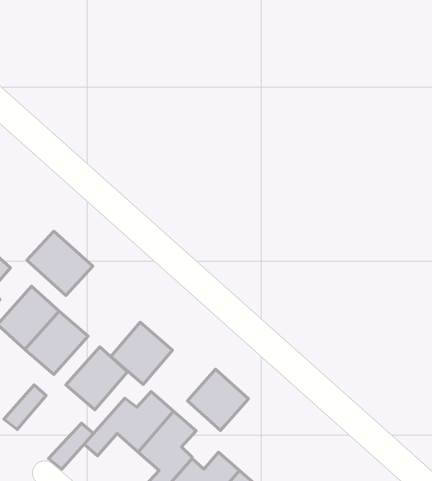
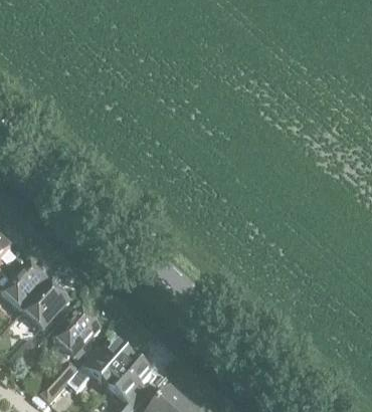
building: [27,231,93,295] -> none
building: [111,322,172,384] -> none
building: [188,369,248,431] -> none

